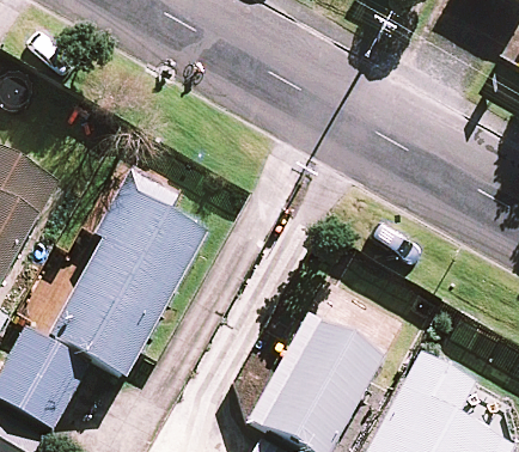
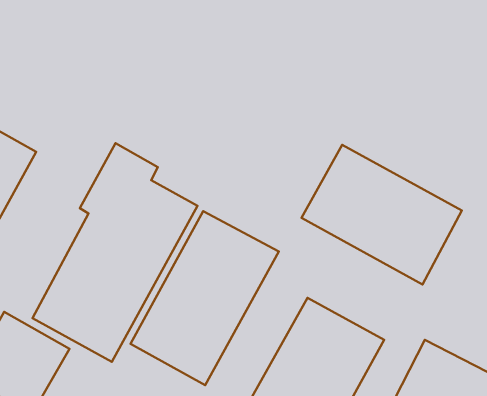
building: none -> [302,145,462,284]
building: none -> [130,211,279,385]

